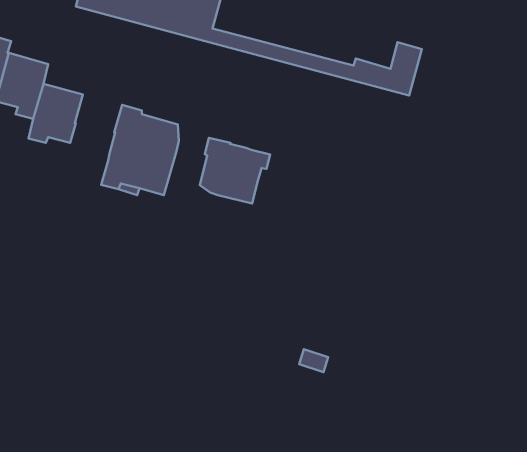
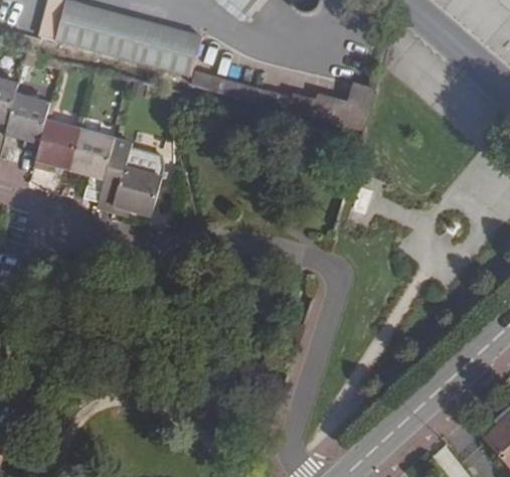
building: none -> [68,128,114,185]
building: [200,138,270,203] -> none

